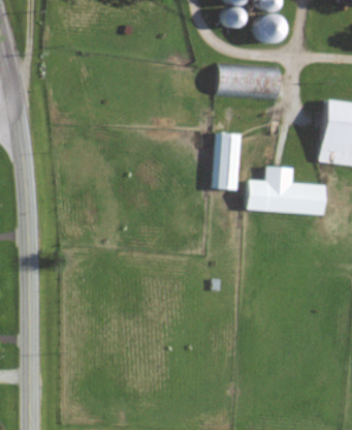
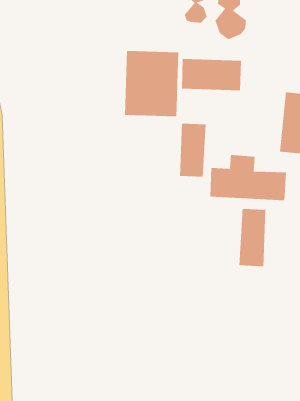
building: none -> [124,50,179,117]
building: none -> [239,208,266,267]

